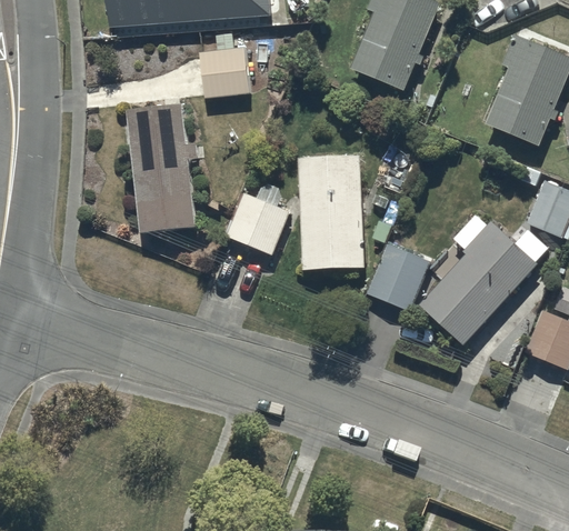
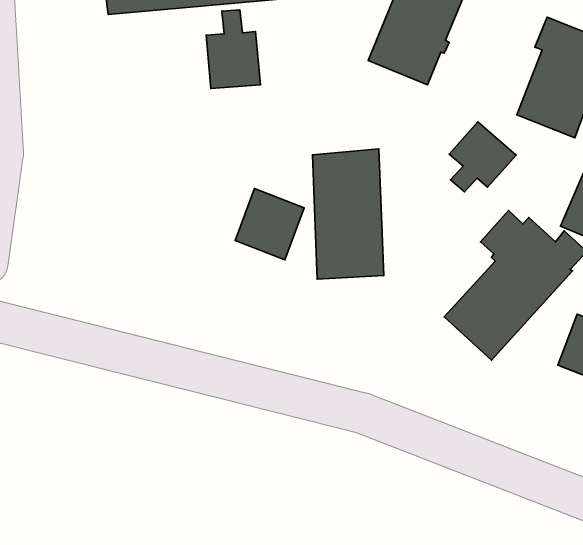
building: [127,102,199,234] -> none
building: none -> [449,122,516,192]
building: [367,239,431,311] -> none

